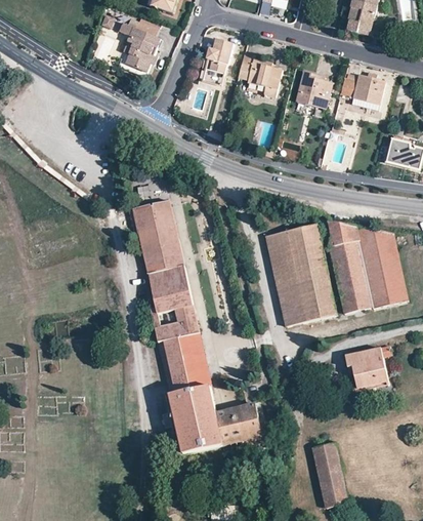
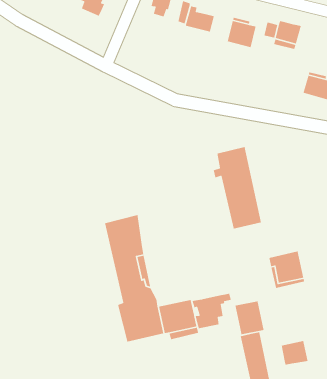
building: [133,199,192,313] -> none
building: [329,221,408,312] -> none
building: [264,231,303,325] -> none
building: none -> [192,293,232,329]
building: none -> [234,300,265,335]
building: none -> [281,340,309,366]

